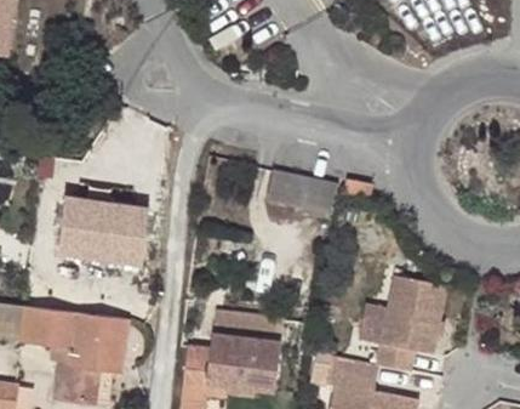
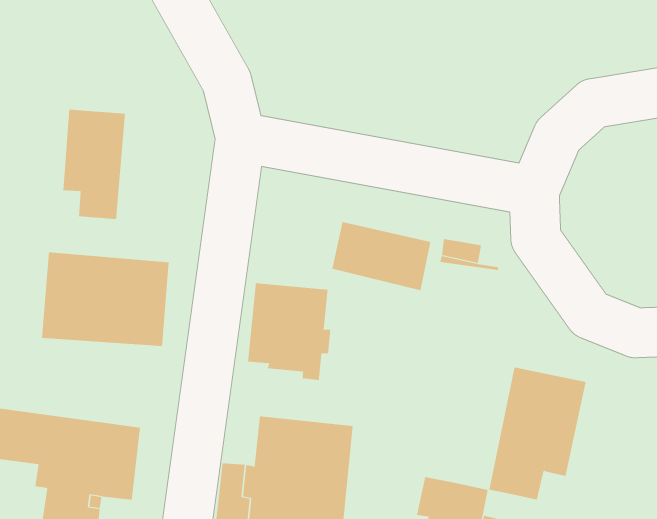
building: none -> [63,109,125,220]
building: none -> [248,282,331,381]

